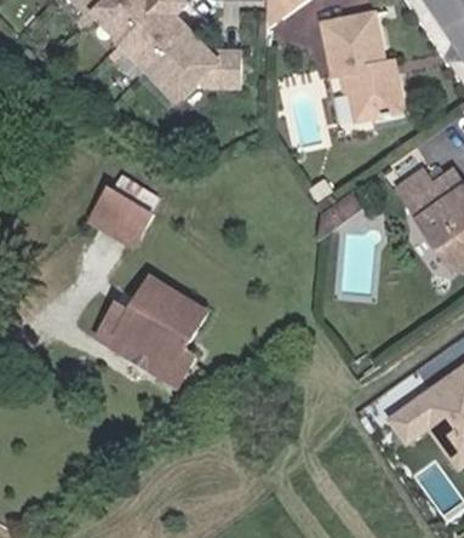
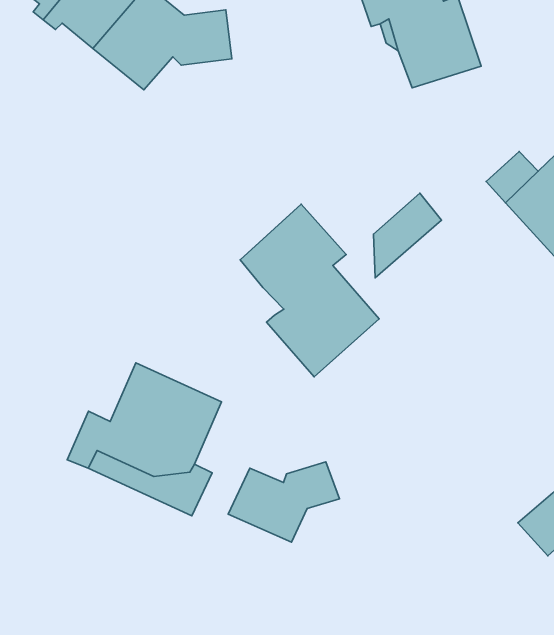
building: none -> [240,204,379,377]
building: [90,189,150,245] -> none
building: none -> [228,462,339,542]

